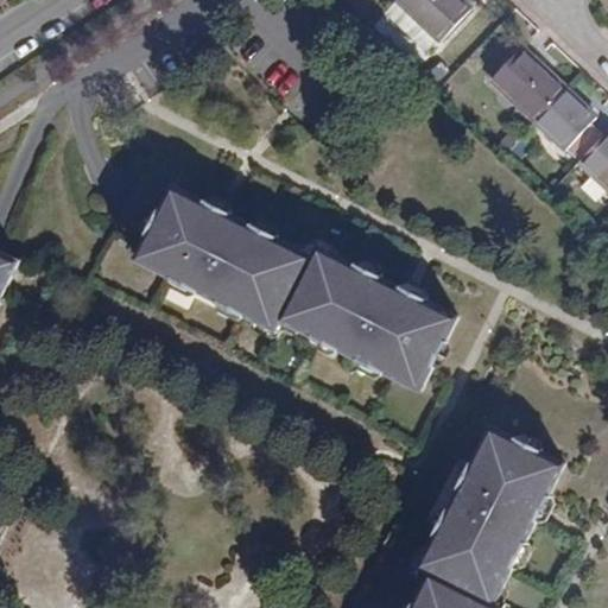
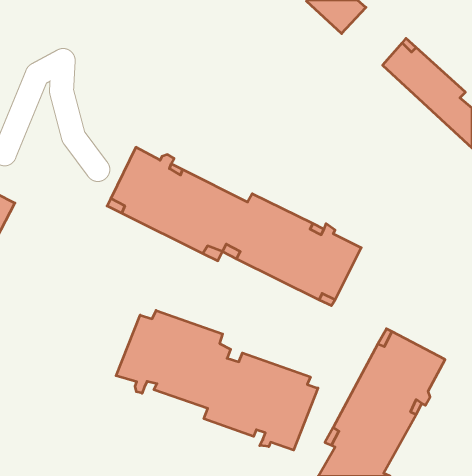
building: none -> [116,310,318,450]

